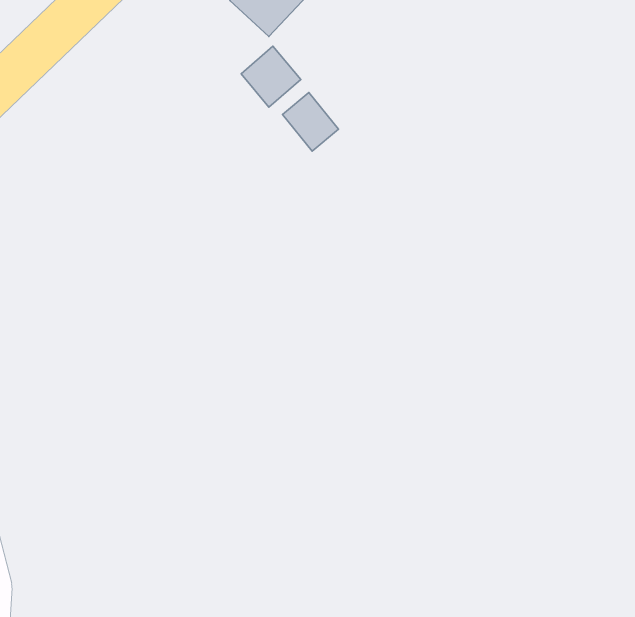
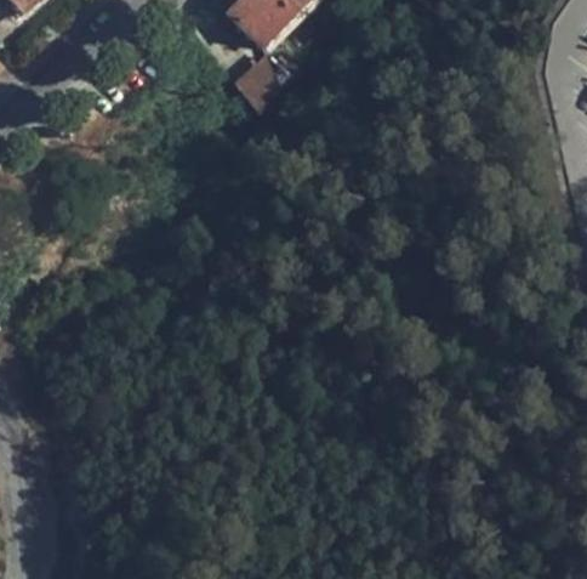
building: [282,92,339,151] -> none

